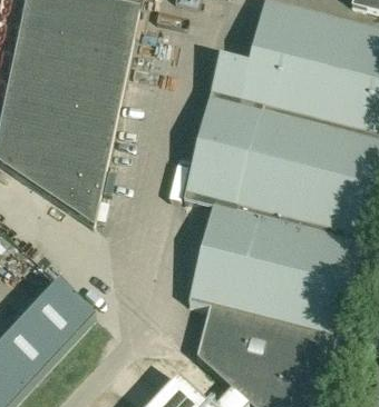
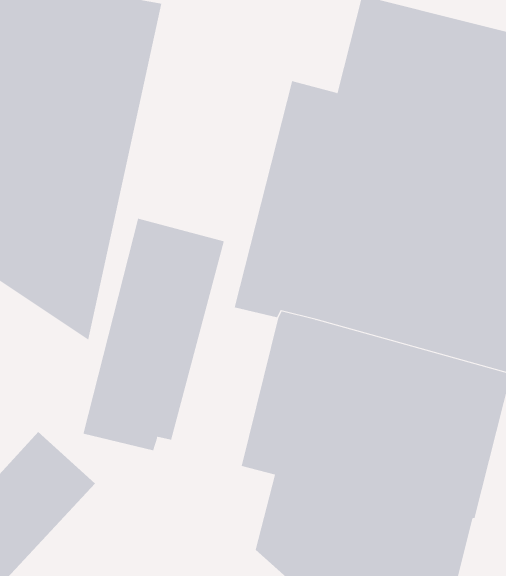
building: none -> [83,218,224,451]

